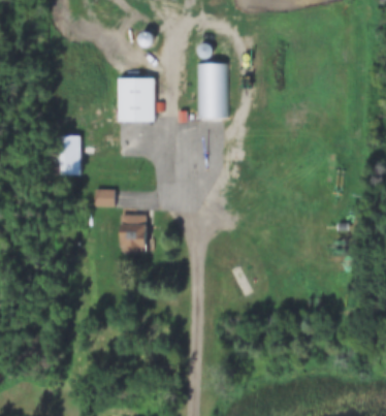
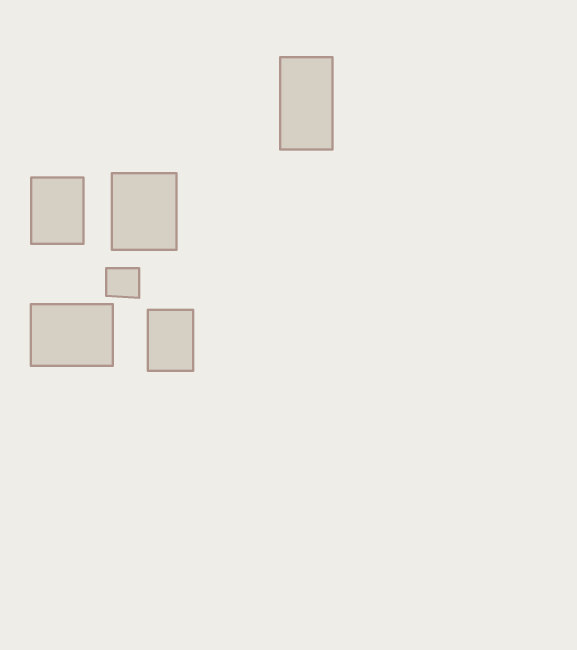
building: [117,77,155,123] -> [112,173,176,250]
building: none -> [31,304,113,366]

